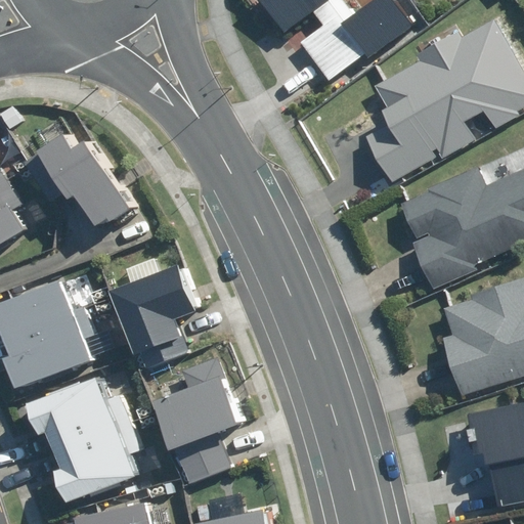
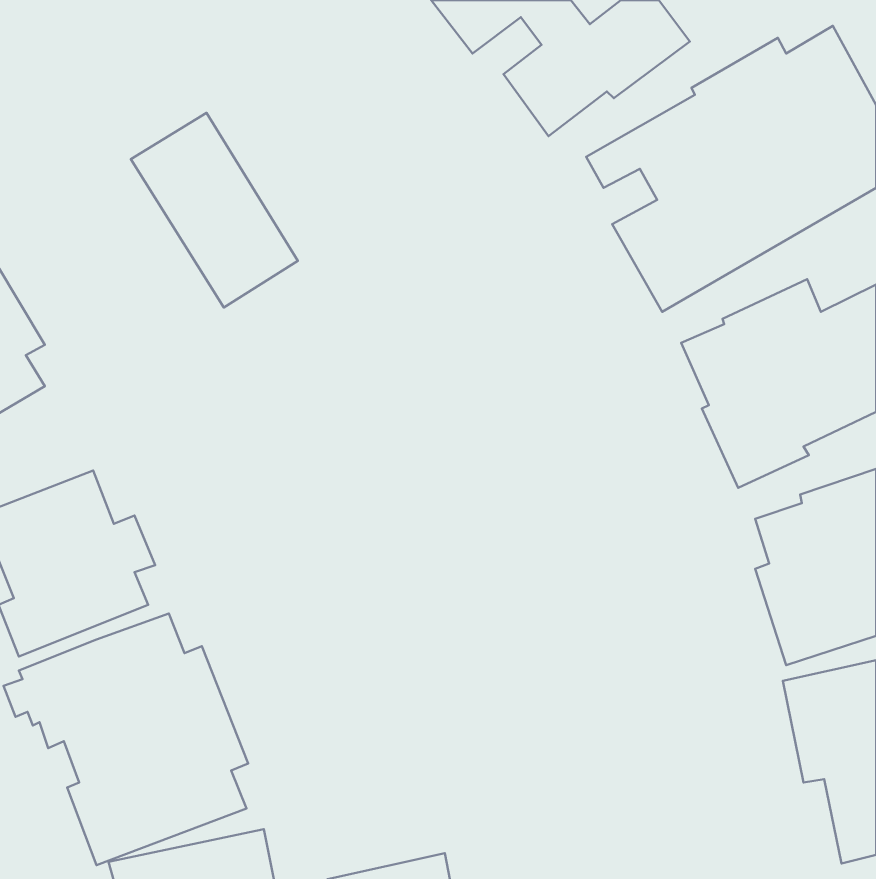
building: [28,119,127,234] -> [131,113,298,308]
building: [110,264,198,369] -> none
building: [151,357,241,486] -> none

